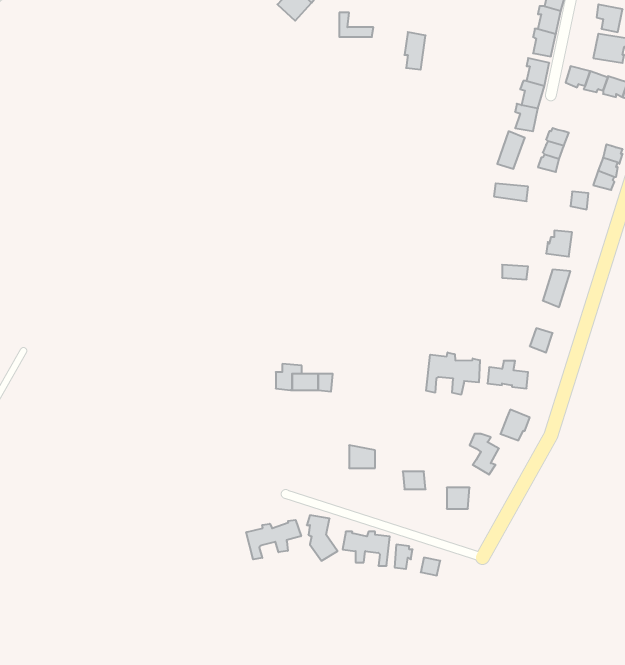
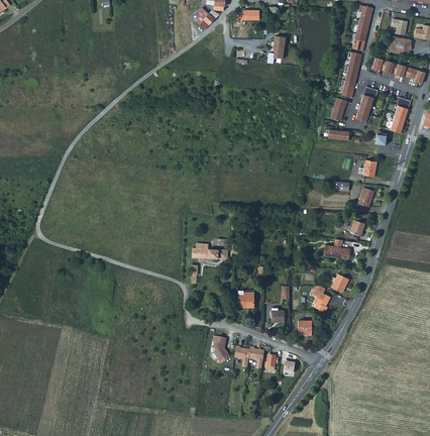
building: [426,352,480,395] -> none
building: [246,520,301,559] -> none

